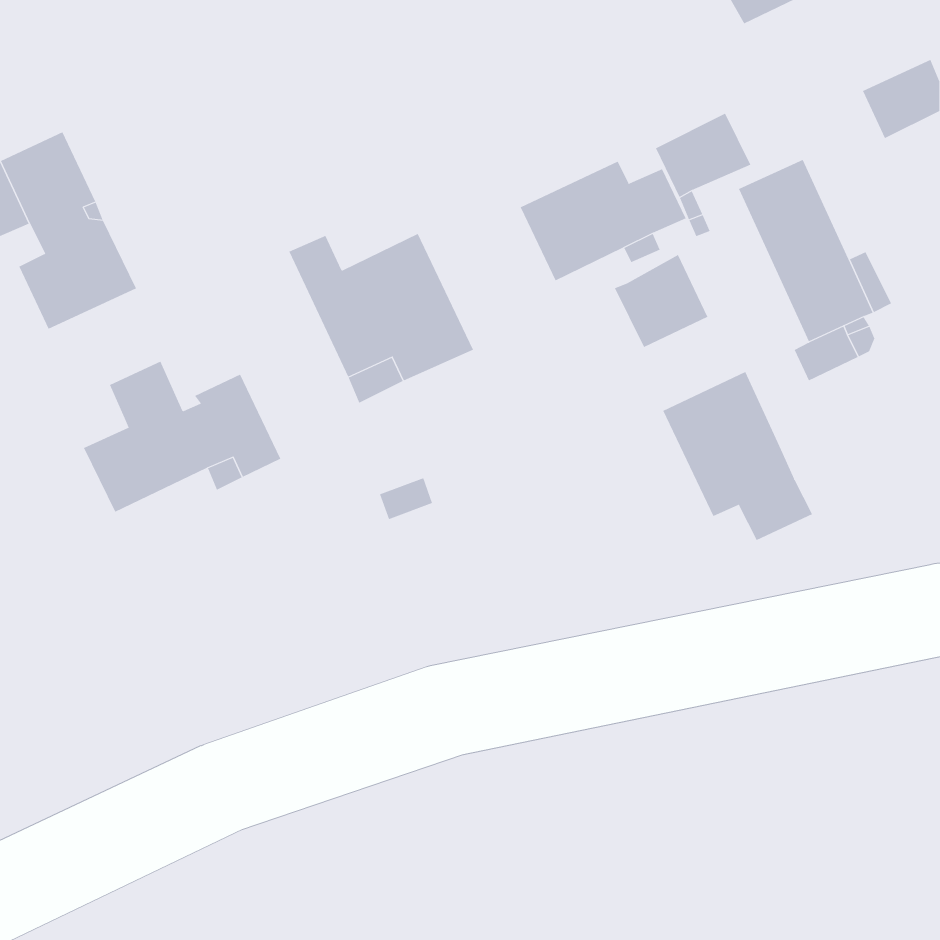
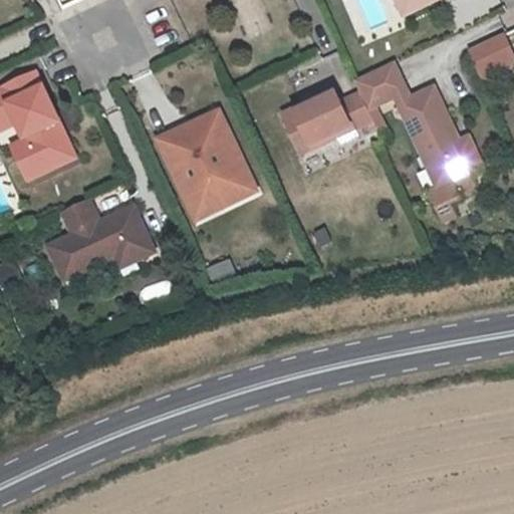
building: none -> [177,109,227,147]
building: [614,254,708,348] -> none
building: [662,371,813,541] -> none

